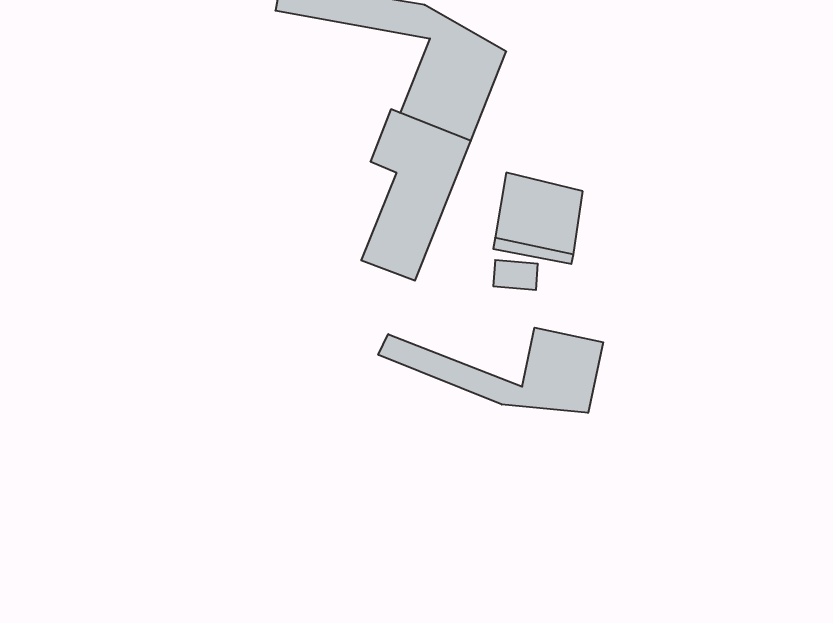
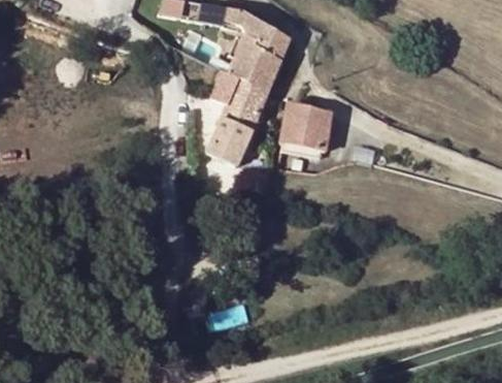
building: [378,328,603,413] -> none

